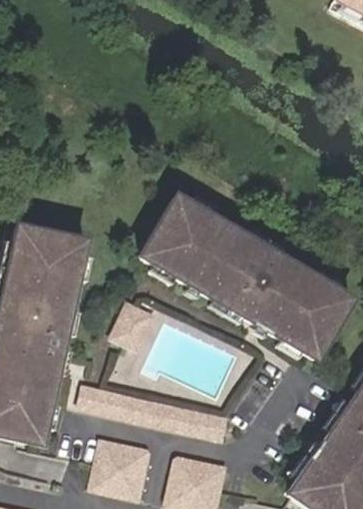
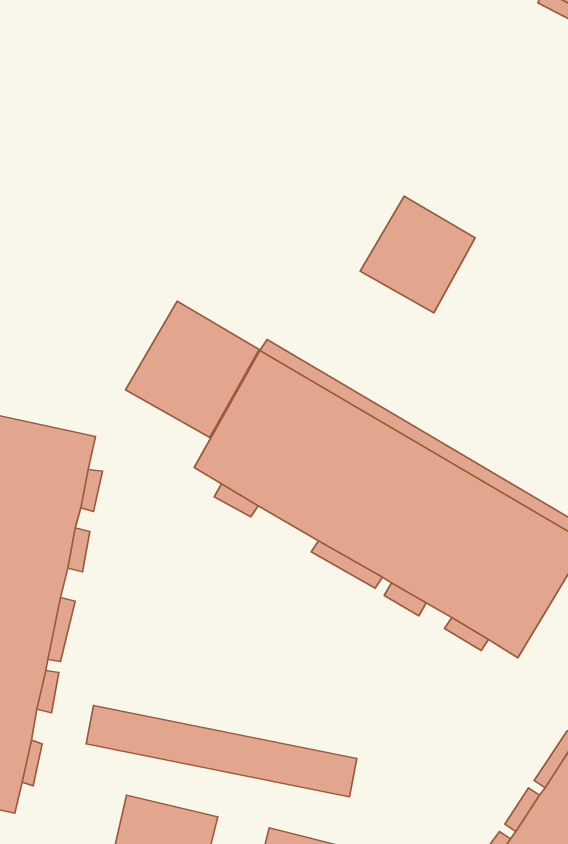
building: none -> [360,196,475,313]
building: none -> [125,301,259,438]
building: [111,301,159,353] -> none

